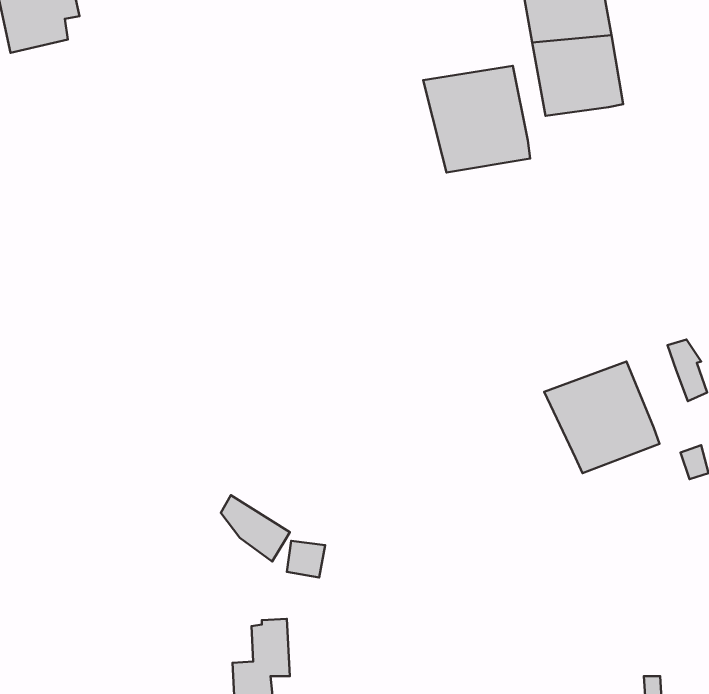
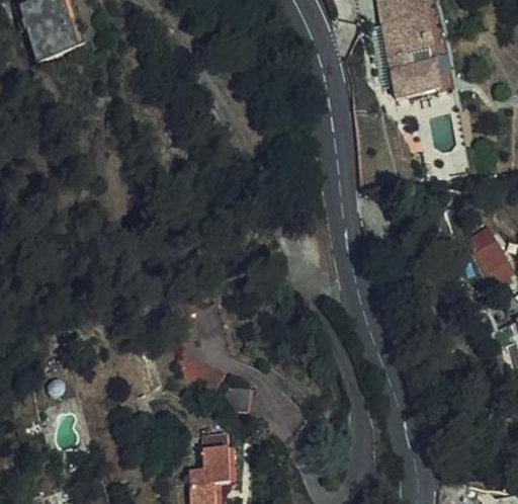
building: [423,66,530,173] -> none
building: [544,361,660,473] -> none

